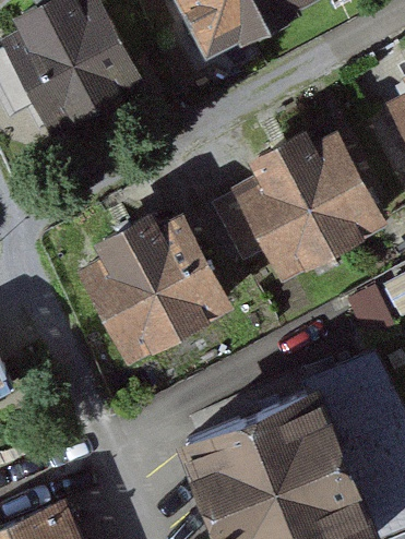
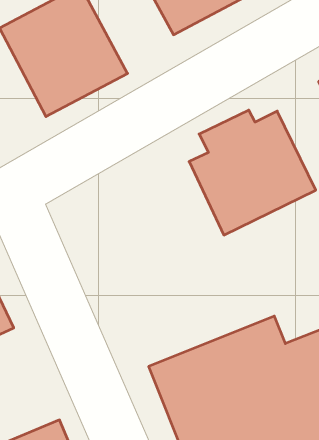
building: [83,218,234,363] -> none

